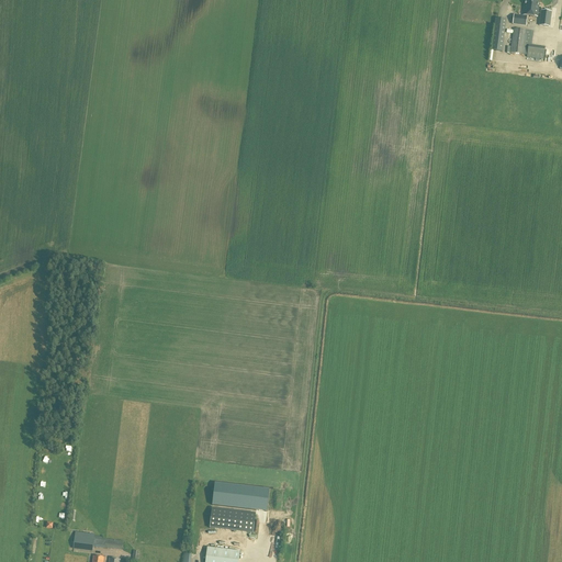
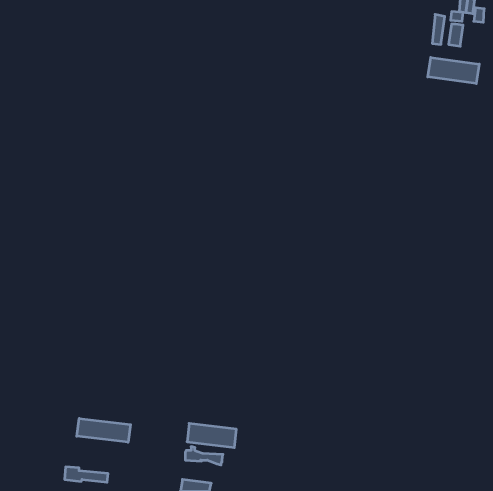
building: none -> [428,57,479,84]
building: none -> [77,418,131,442]

